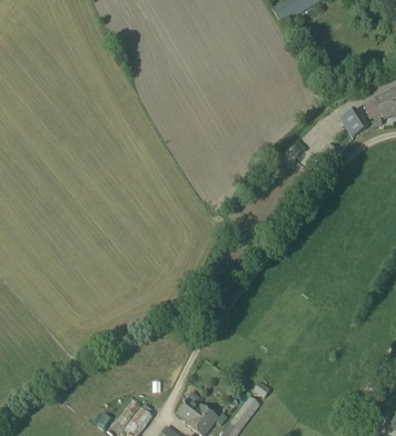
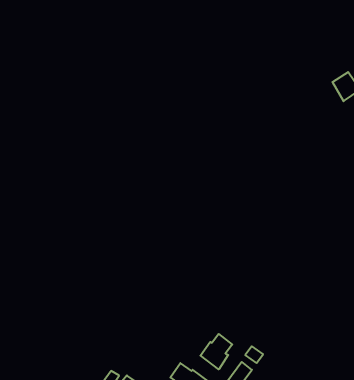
building: none -> [200,334,232,369]

